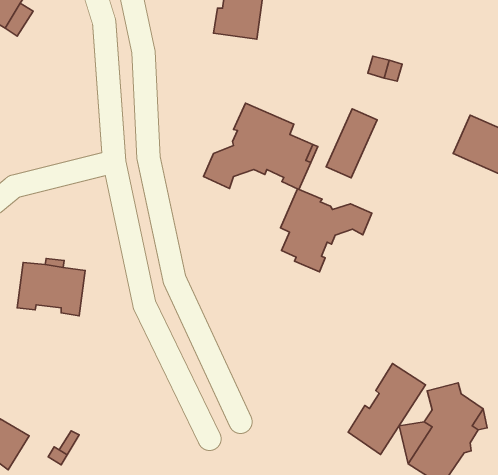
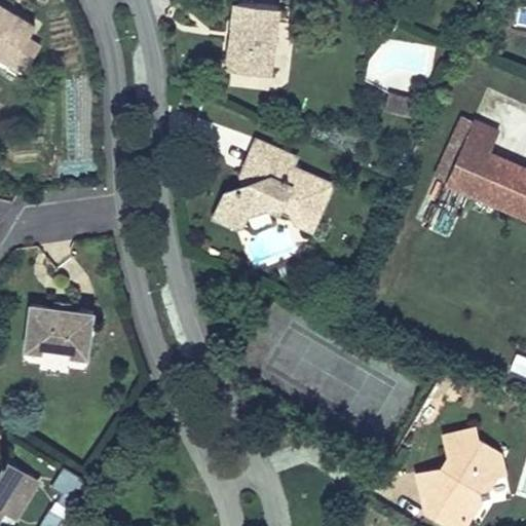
building: [326,109,377,178] -> [445,123,497,194]
building: [281,189,372,272] -> none
building: [348,364,426,455] -> none

